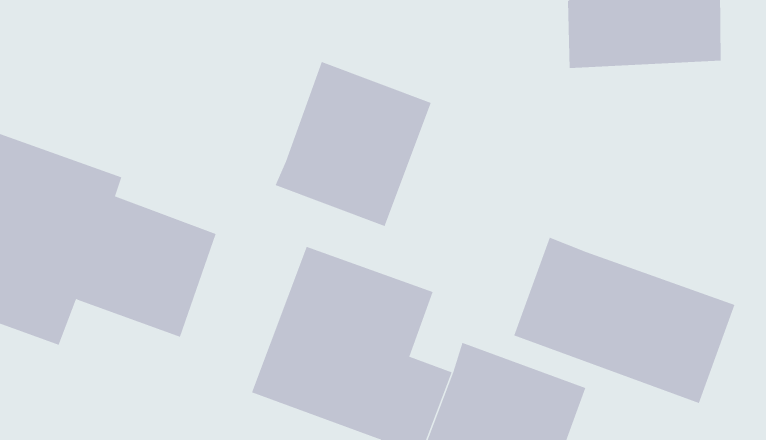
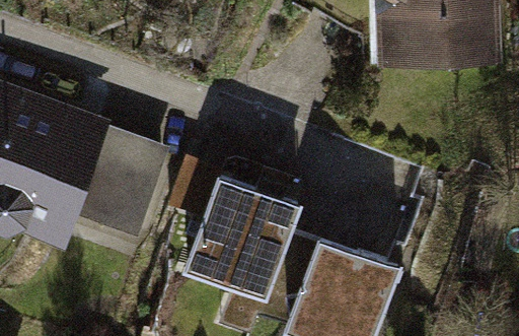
building: [275,61,432,227] -> none
building: [513,237,735,404] -> none

